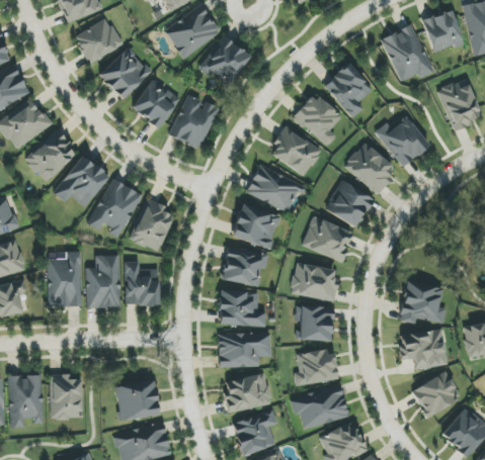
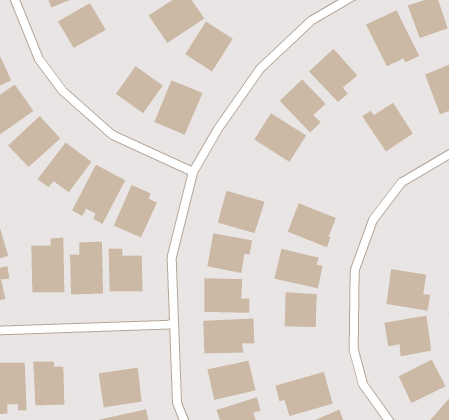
building: [98,47,151,99] -> none
building: [344,143,397,194] -> none
building: [246,165,306,211] -> none
building: [325,181,373,228] -> none
building: [294,349,337,386] -> none

